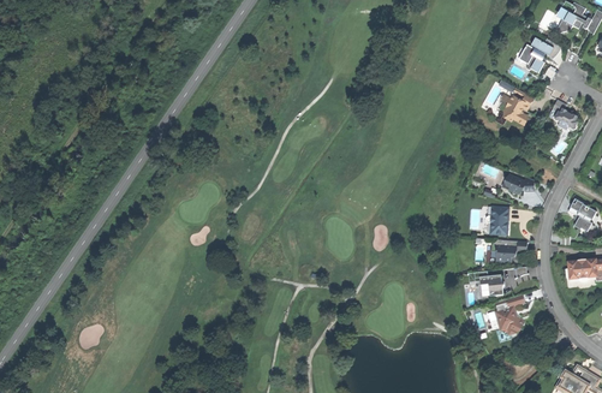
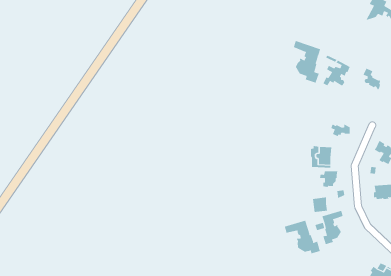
building: [521,37,562,72] -> none
building: none -> [293,40,321,83]
building: none -> [284,220,321,254]

